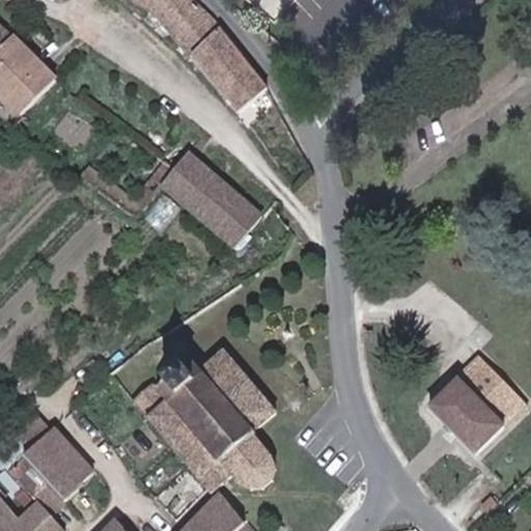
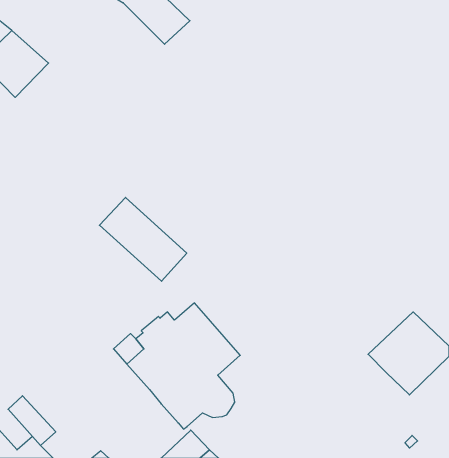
building: [190,24,266,107] -> none
building: [158,149,258,246] -> [99,197,187,281]
building: [26,430,91,497] -> none

